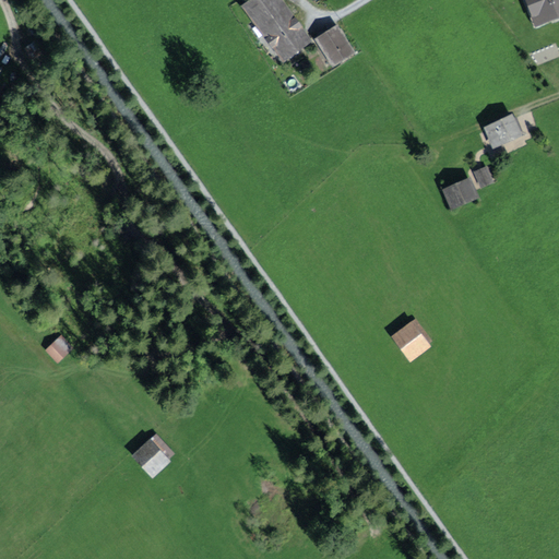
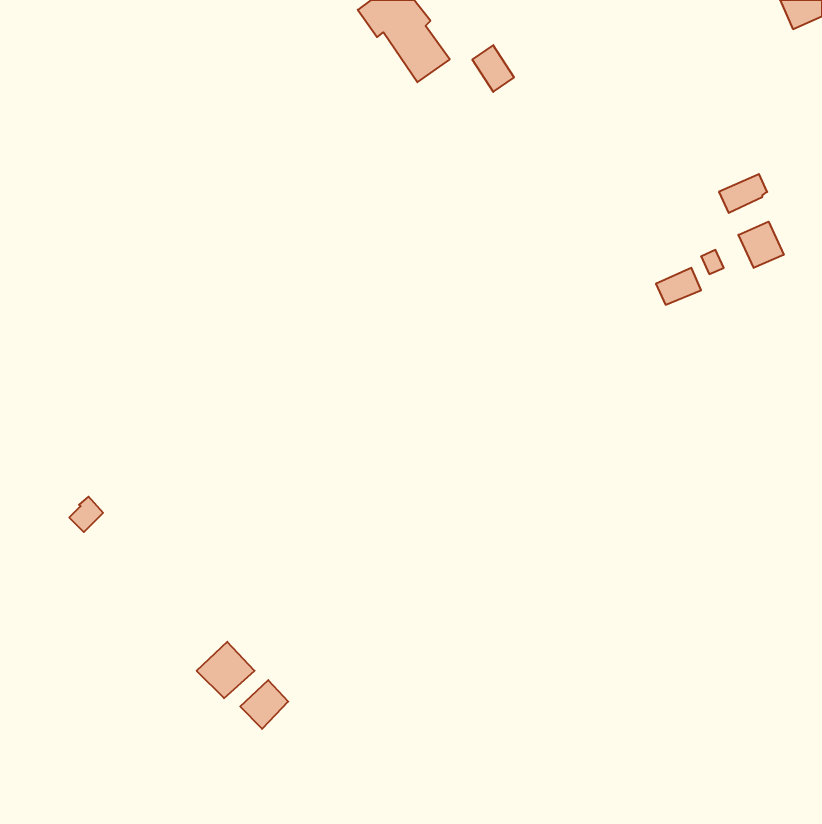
building: none -> [738,222,784,268]
building: [394,324,424,356] -> none
building: none -> [240,680,288,729]

